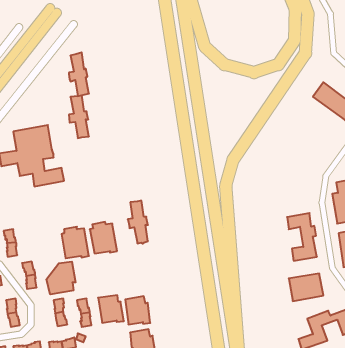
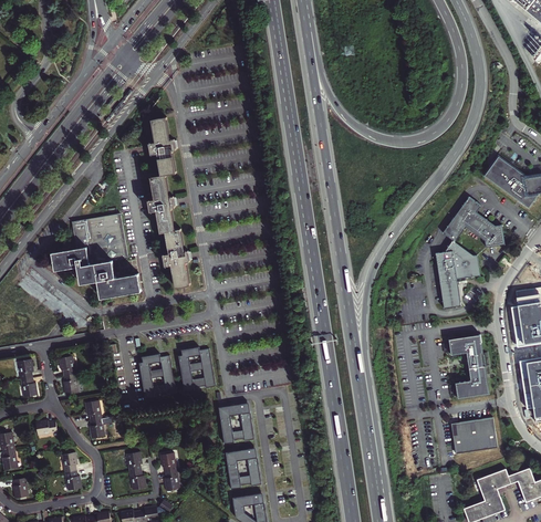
building: none -> [435,196,504,309]
building: [128,201,148,243] -> [163,228,190,286]
building: [47,262,76,294] -> none
building: [98,295,124,323] -> [218,404,253,441]

